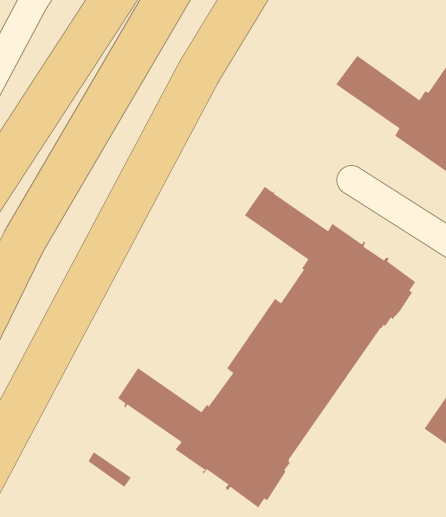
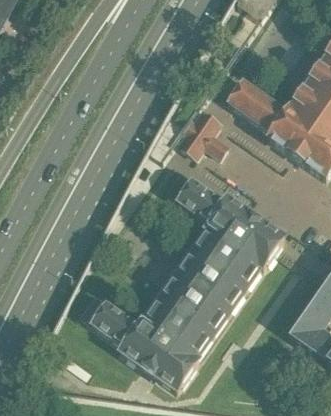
building: none -> [177,106,227,153]

